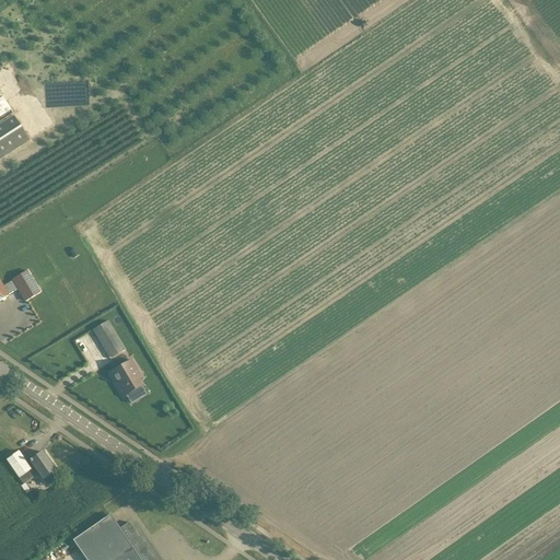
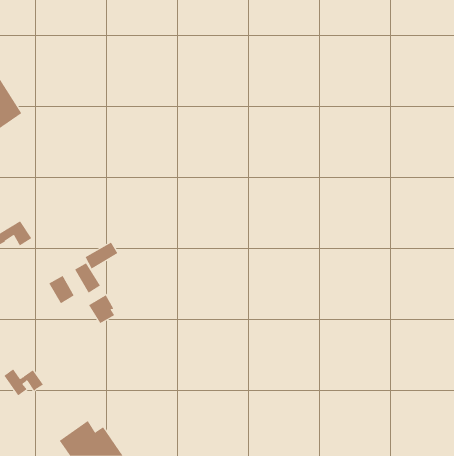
building: none -> [85,242,118,269]
building: none -> [48,275,75,304]

